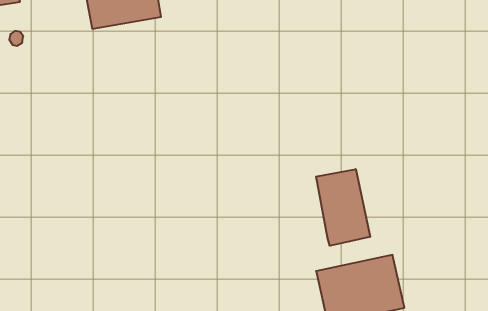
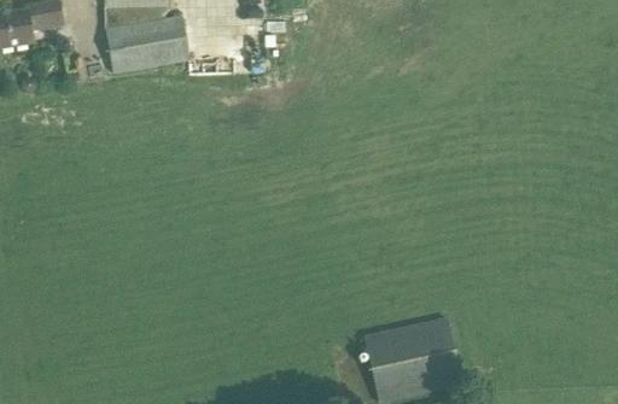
building: [316,169,370,246] -> none

